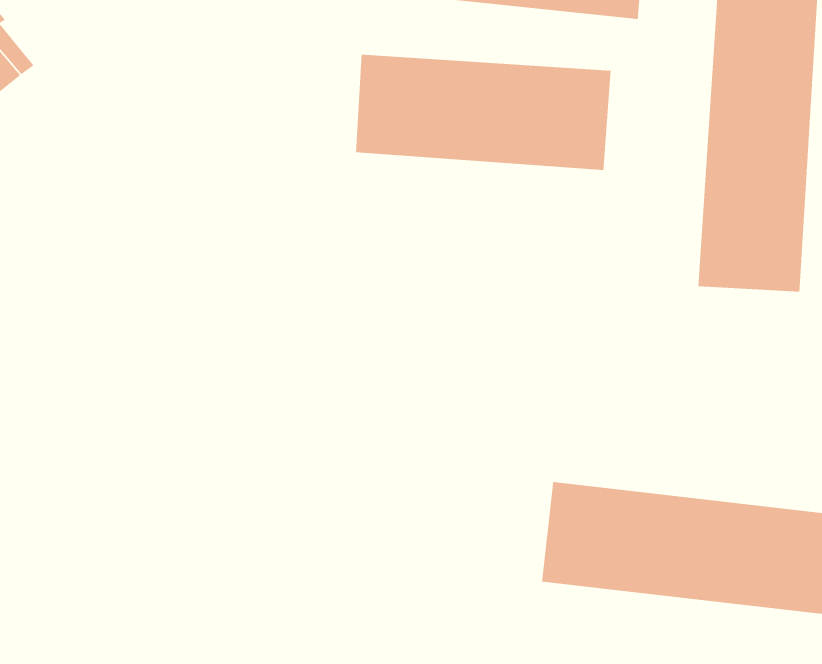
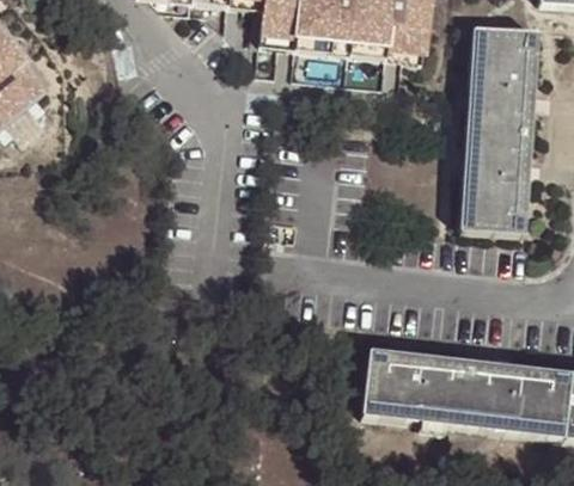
building: [355,54,612,171] -> none

